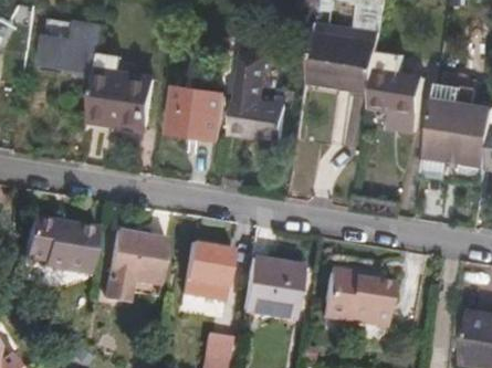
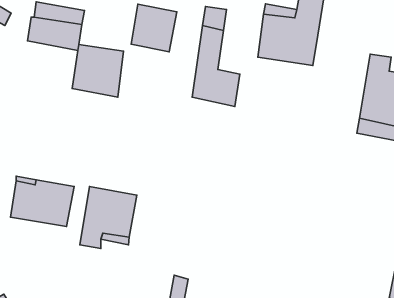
building: [369,56,421,132] -> none
building: [174,83,227,138] -> [131,4,177,52]
building: [179,243,229,301] -> none
building: [239,259,300,315] -> none
building: [318,270,387,330] -> none

